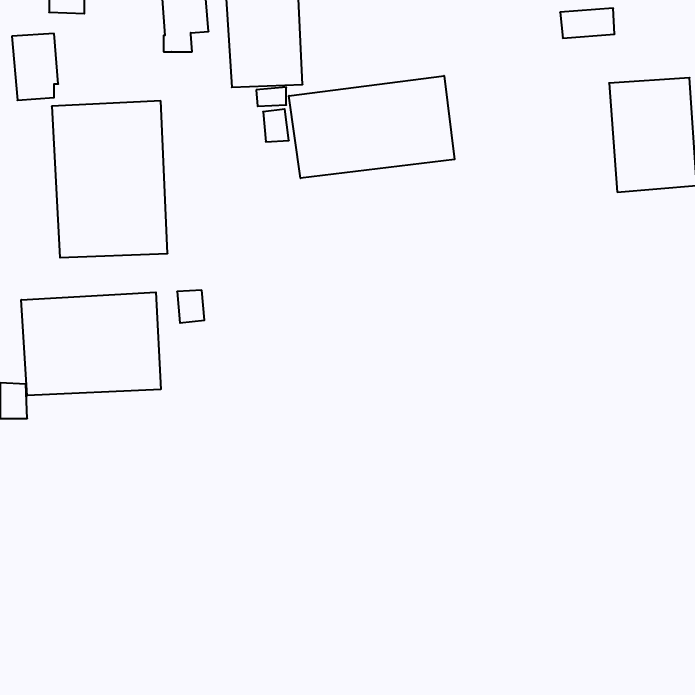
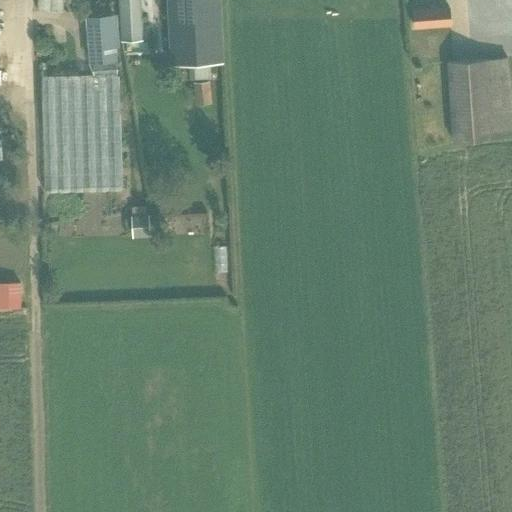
building: [12,34,58,100] -> [86,13,120,62]
building: [289,76,455,178] -> none
building: [21,292,161,396] -> none

